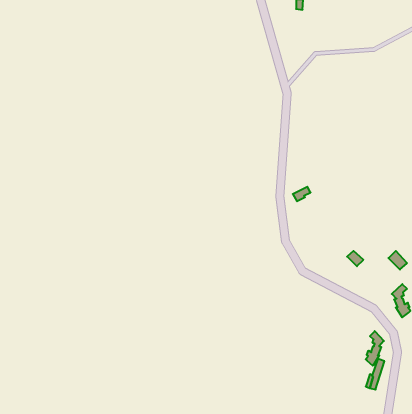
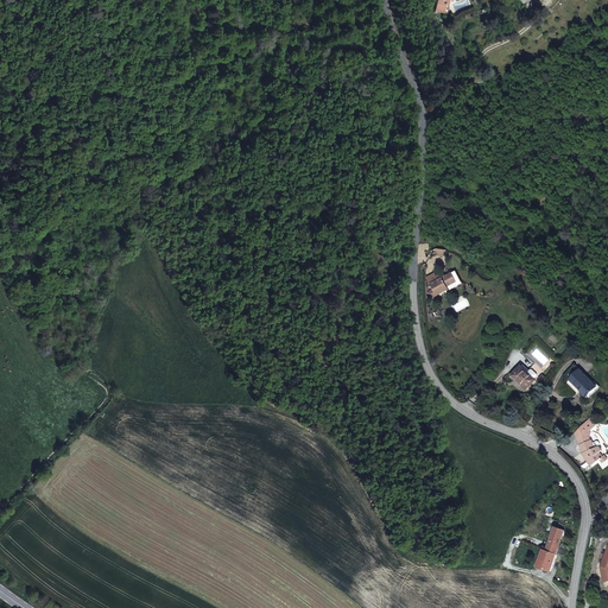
building: [366,331,384,366] -> none

